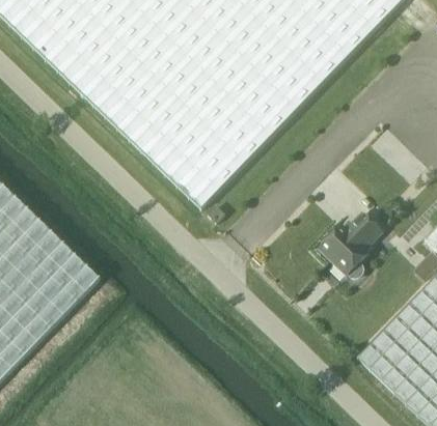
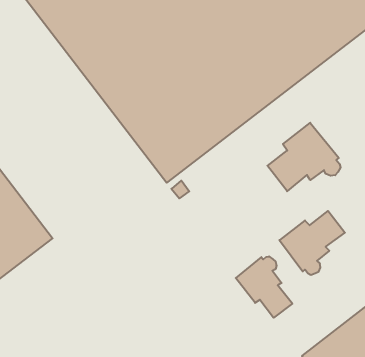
building: none -> [267,123,341,191]
building: none -> [236,256,292,318]

